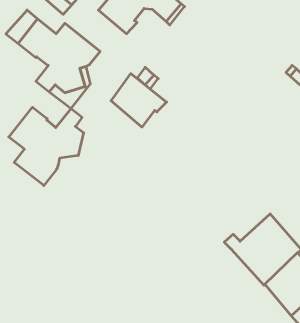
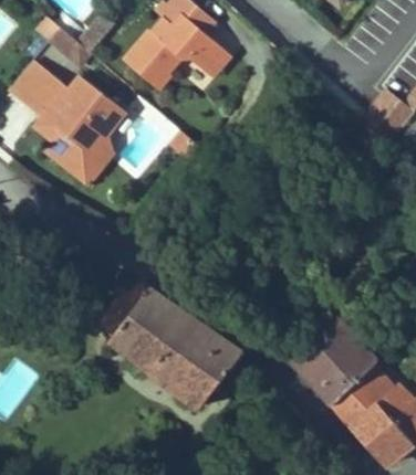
building: [111,74,167,127] -> none
building: [9,107,84,186] -> none
building: none -> [100,285,242,405]

